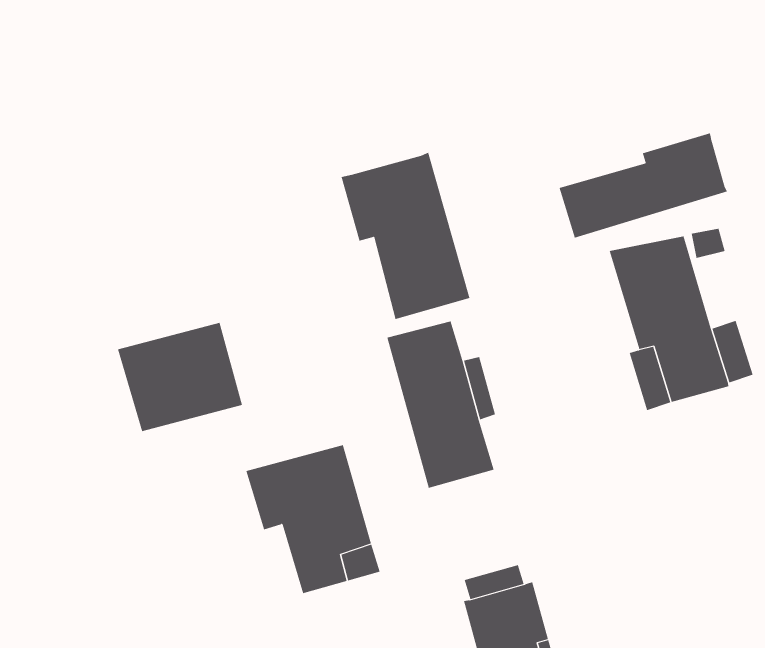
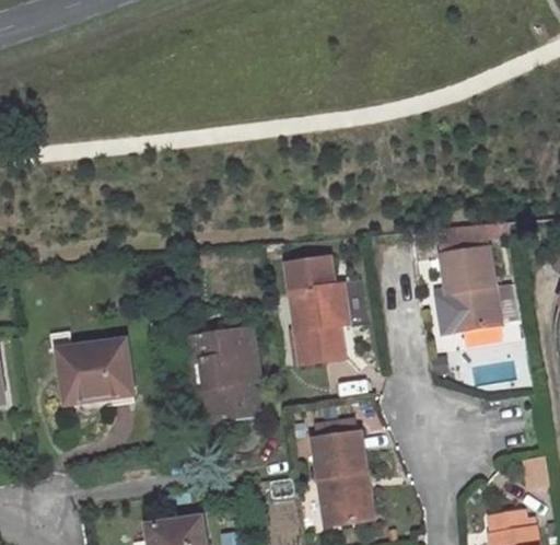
building: [559,132,728,239] -> none
building: [341,152,470,320] -> none
building: [117,322,243,432] -> [57,340,132,404]

